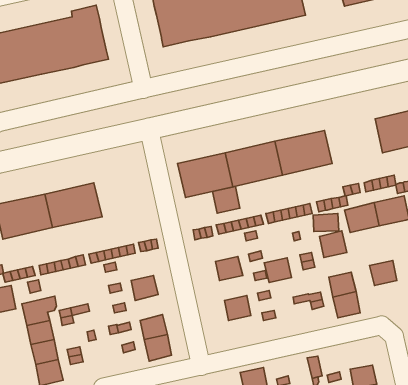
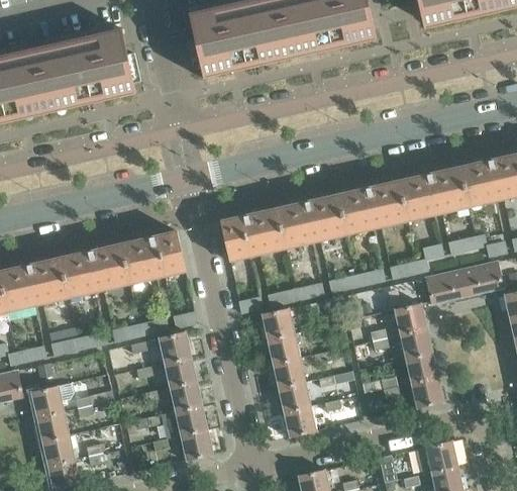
building: none -> [399,165,470,219]
building: none -> [117,229,185,284]
building: [212,187,240,213] -> [260,306,293,338]
building: none -> [157,329,190,362]
building: [264,258,291,283] -> [271,356,304,386]
building: [370,261,397,285] -> [398,327,431,358]
building: none -> [168,379,201,410]
building: none -> [282,404,315,435]
building: none -> [424,438,457,470]

